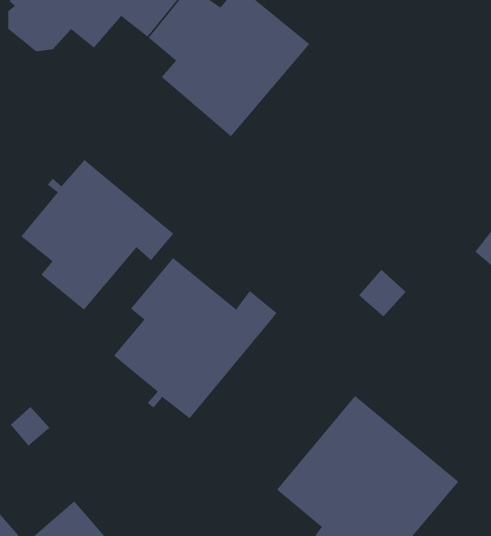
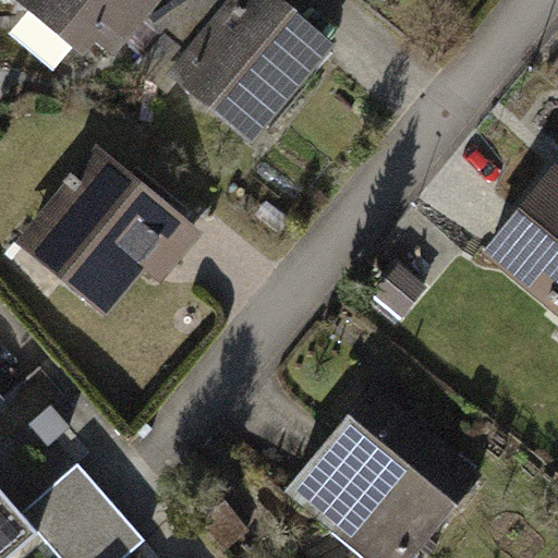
building: [113,257,278,419] -> none

